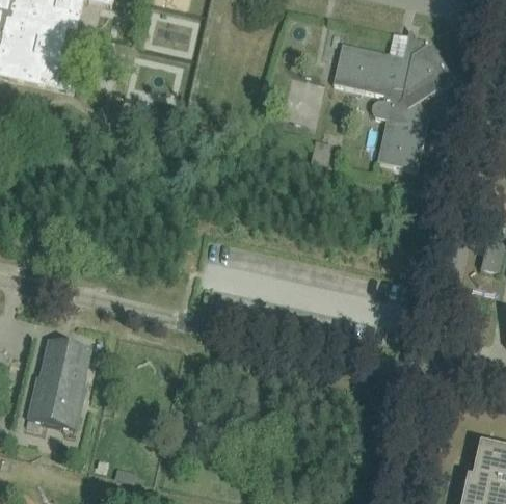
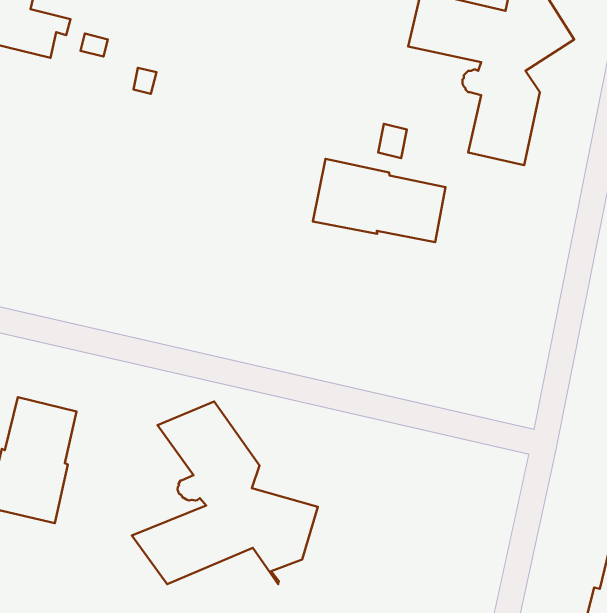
building: none -> [313,159,445,242]
building: none -> [132,402,318,584]

